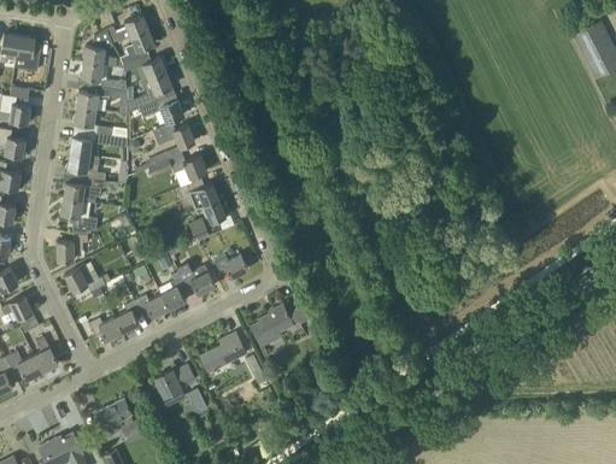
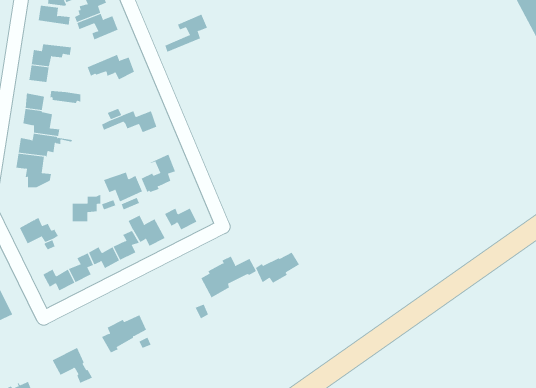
building: [81,61,127,90] -> none
building: [128,71,172,111] -> [164,14,208,53]
building: [153,123,194,148] -> none
building: [177,178,218,210] -> [103,172,143,202]
building: [57,231,87,260] -> [72,194,101,222]
building: none -> [255,252,300,283]
building: [200,333,246,371] -> none

